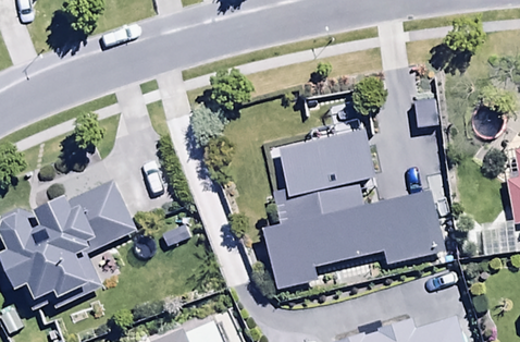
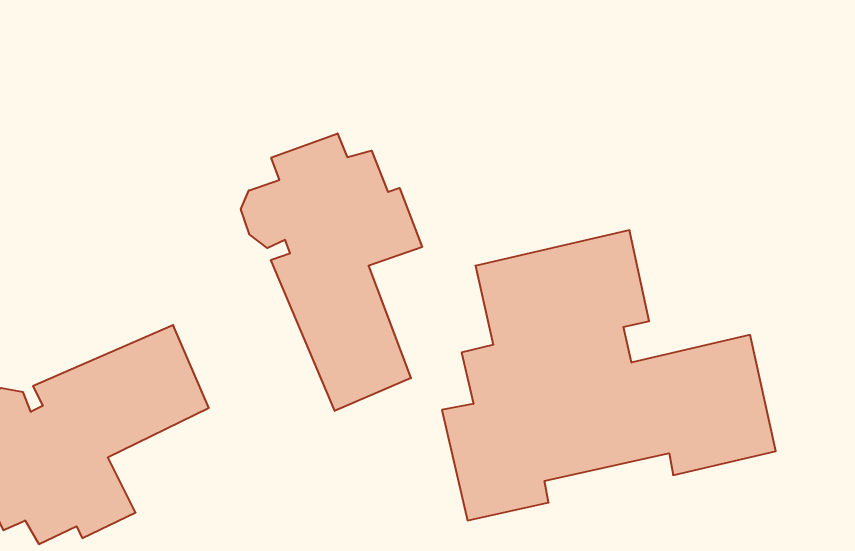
building: none -> [241,133,422,411]

